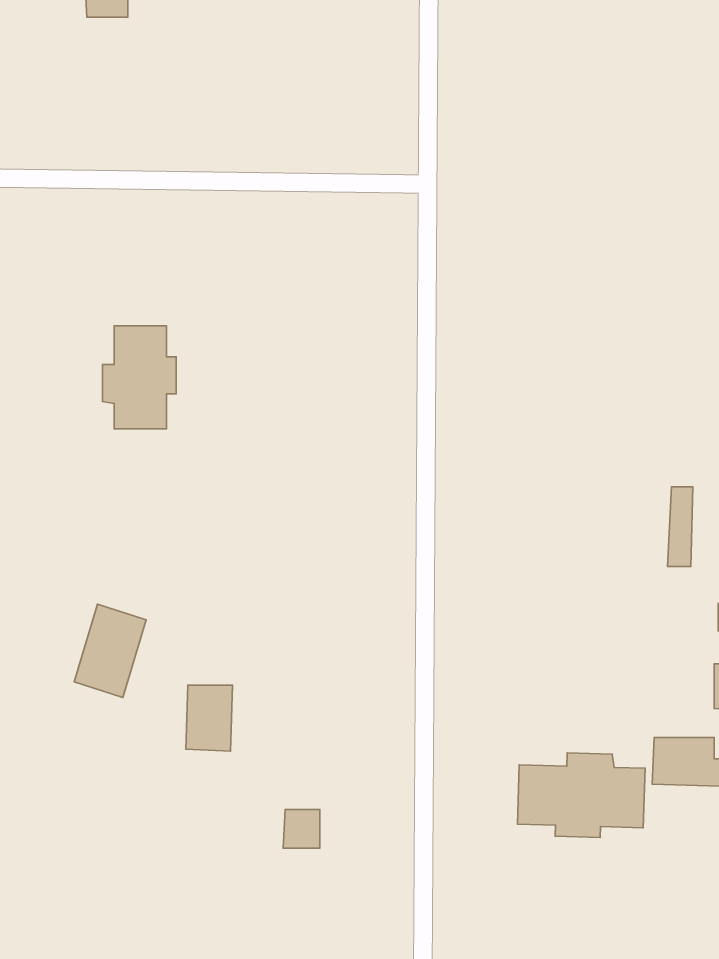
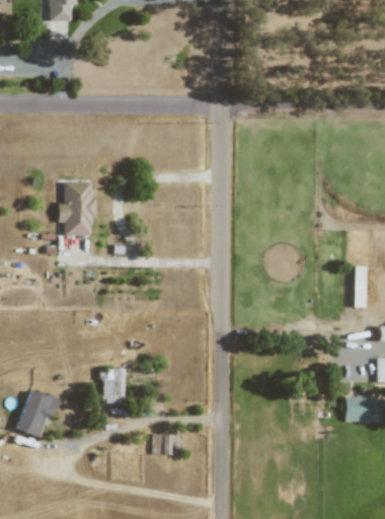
building: [74,604,146,697] -> [17,389,55,438]
building: [518,753,645,838] -> none

